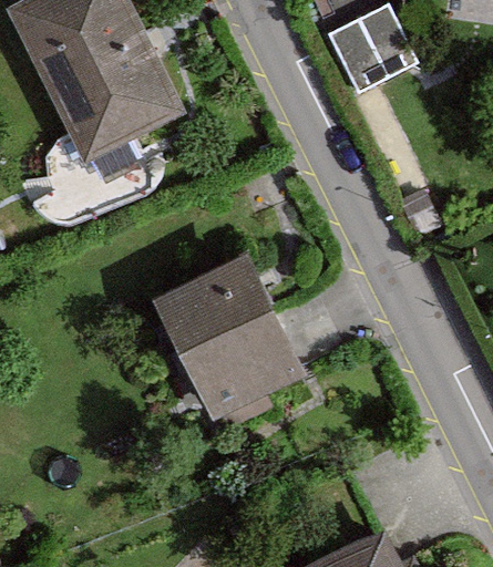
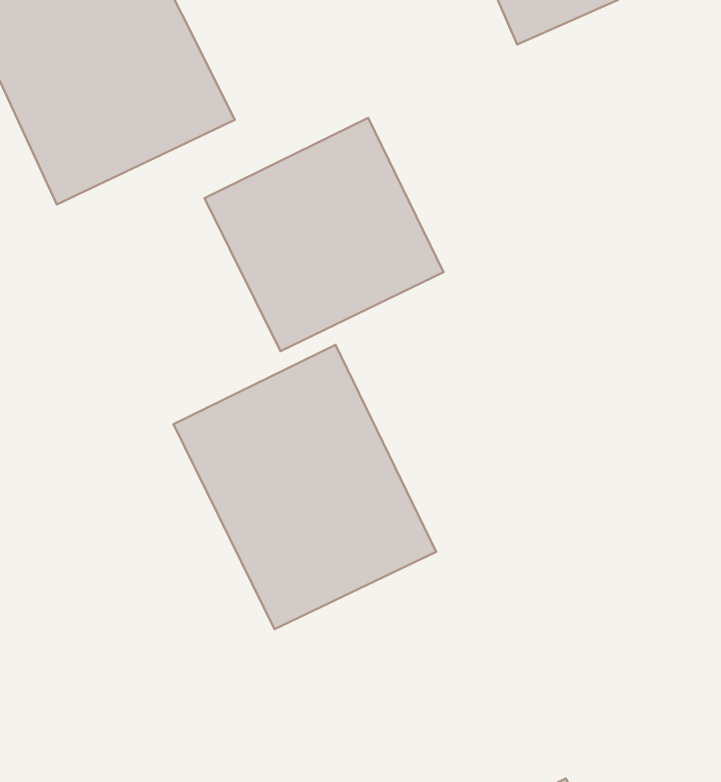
building: none -> [204,118,444,351]

